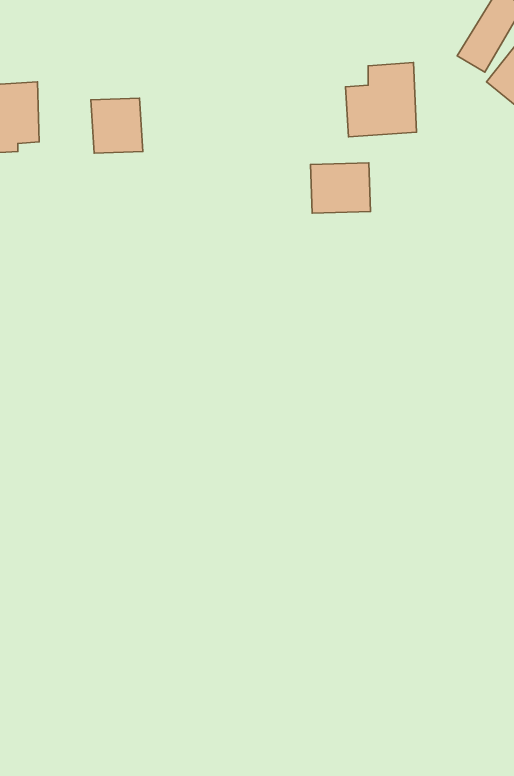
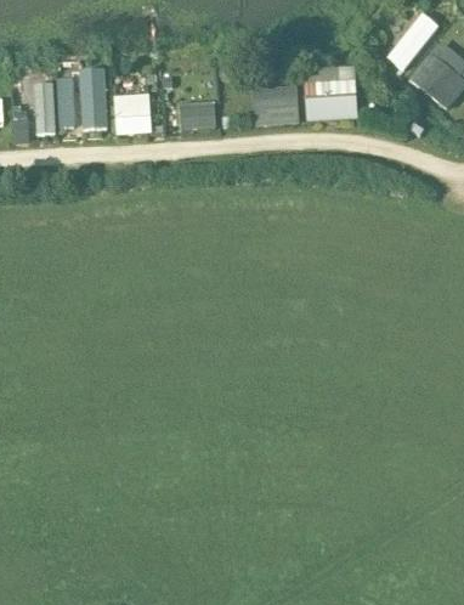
building: none -> [73,68,106,129]
building: none -> [179,102,216,128]
building: [311,163,370,213] -> [251,86,296,124]

